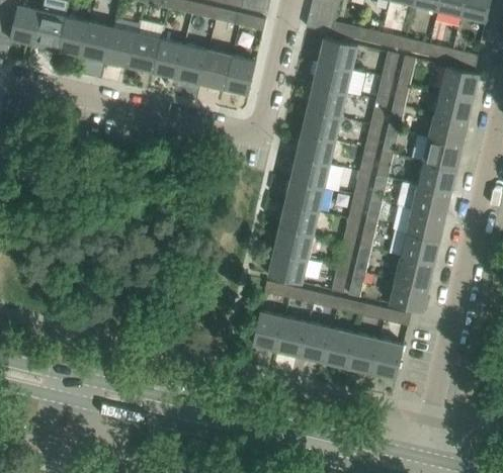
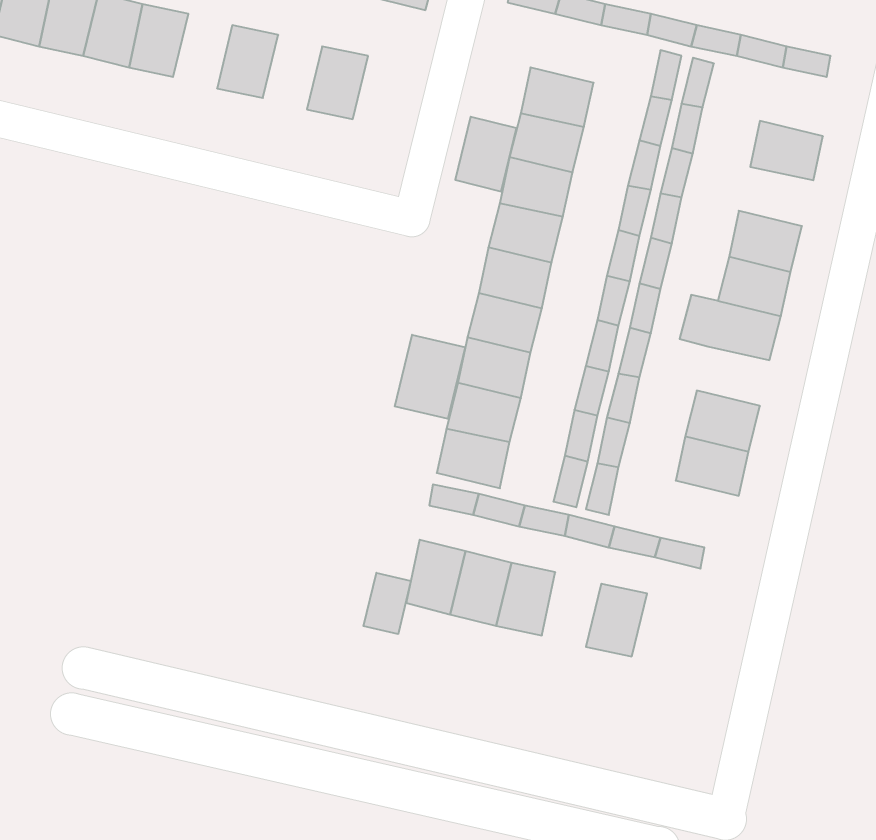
building: [129,33,160,73] -> none
building: [318,37,357,70] -> none
building: [176,44,207,84] -> none
building: [224,56,256,95] -> [455,117,516,191]
building: [439,67,479,98] -> none
building: [428,114,468,146] -> none
building: none -> [395,335,465,419]
building: [406,209,444,241] -> none
building: [389,280,428,312] -> none
building: [324,328,355,368] -> none
building: none -> [363,573,411,634]
building: [371,340,403,379] -> none

